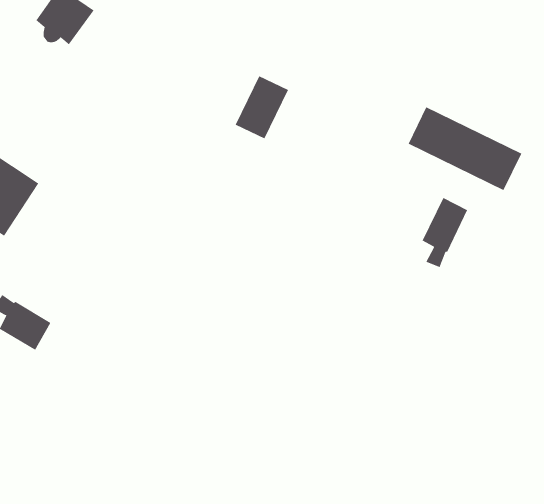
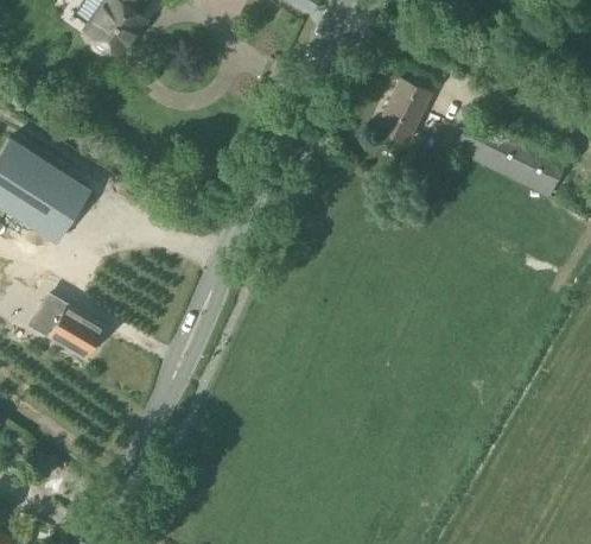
building: [235,75,289,139] -> [376,80,430,143]
building: [422,197,468,268] -> none

